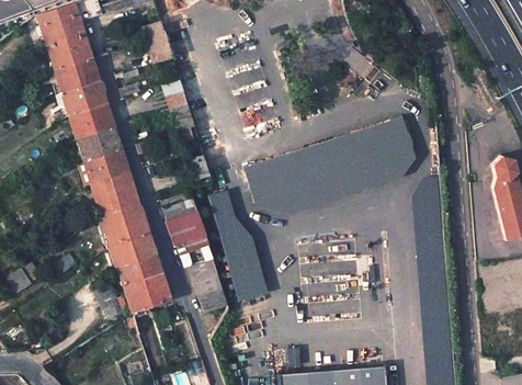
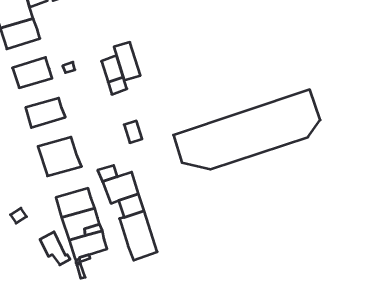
building: [144,20,174,64] -> [114,42,140,80]
building: [54,59,99,93] -> none
building: [68,105,114,139] -> none
building: [82,150,128,184] -> none
building: [211,192,268,301] -> none
building: [101,207,148,244] -> none

